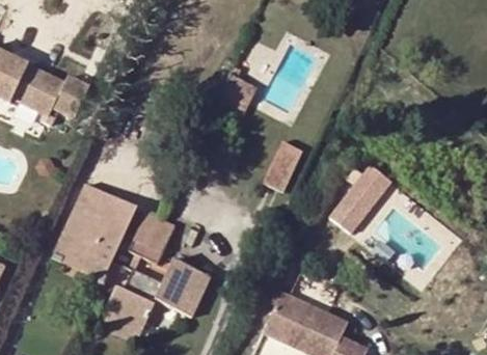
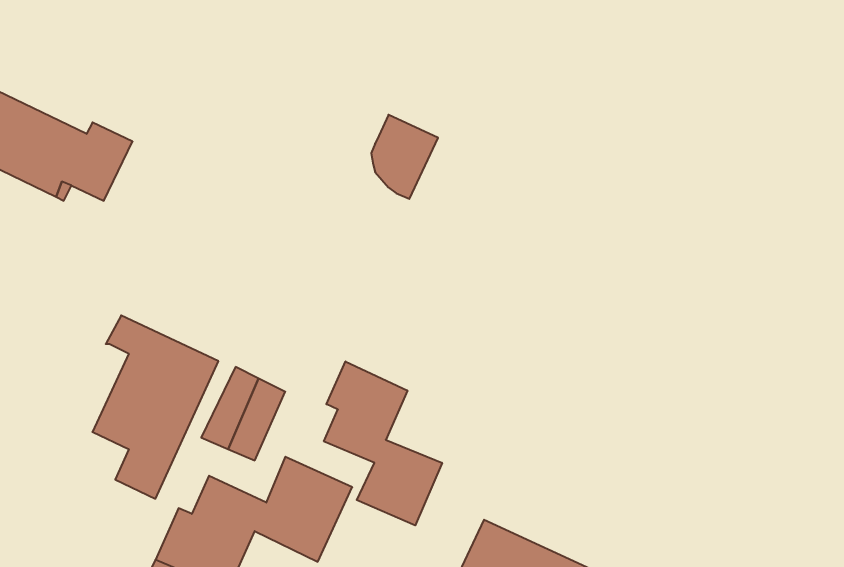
building: [265,141,304,190] -> none
building: [327,159,391,229] -> none
building: [52,197,89,271] -> none
building: none -> [324,361,442,525]

